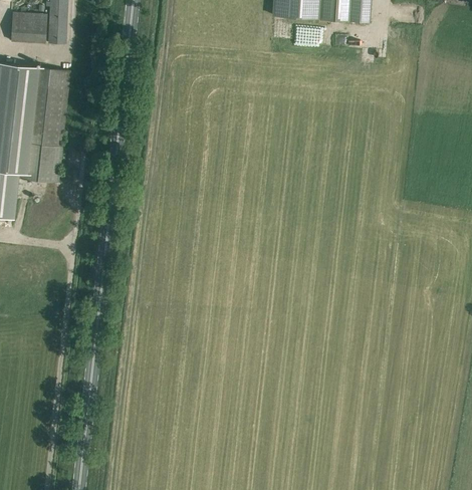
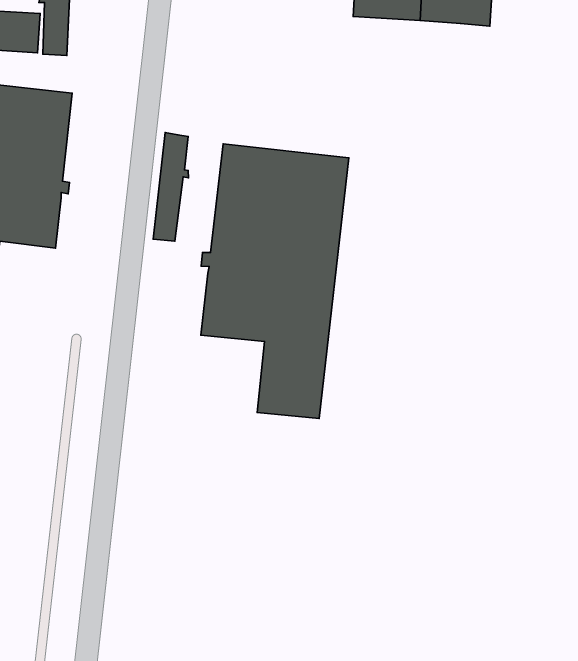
building: none -> [153,132,188,241]
building: none -> [201,144,349,418]

